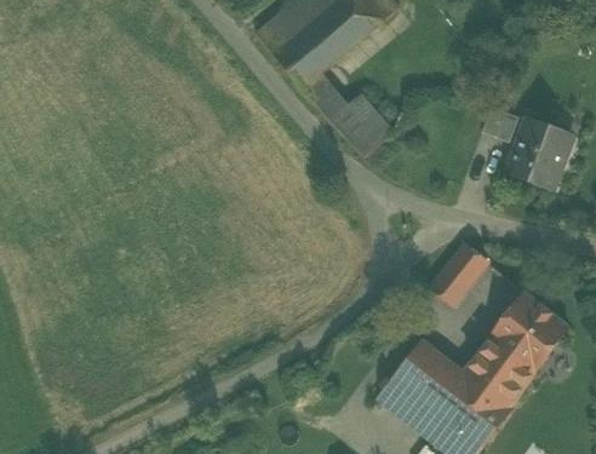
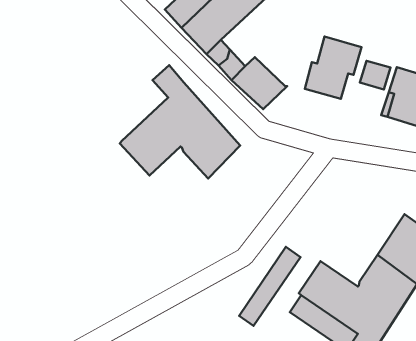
building: none -> [305,37,361,99]
building: none -> [120,65,240,179]
building: [429,243,486,305] -> none
building: none -> [239,247,300,326]

